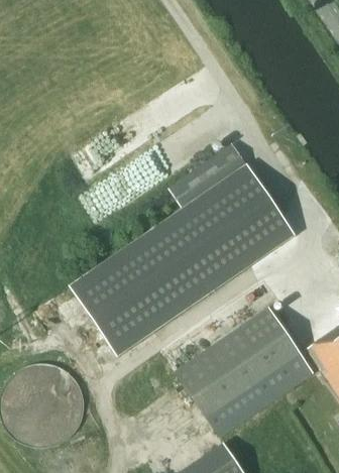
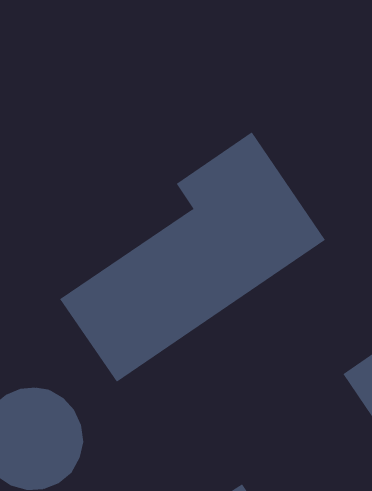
building: [174,307,314,437] -> none

